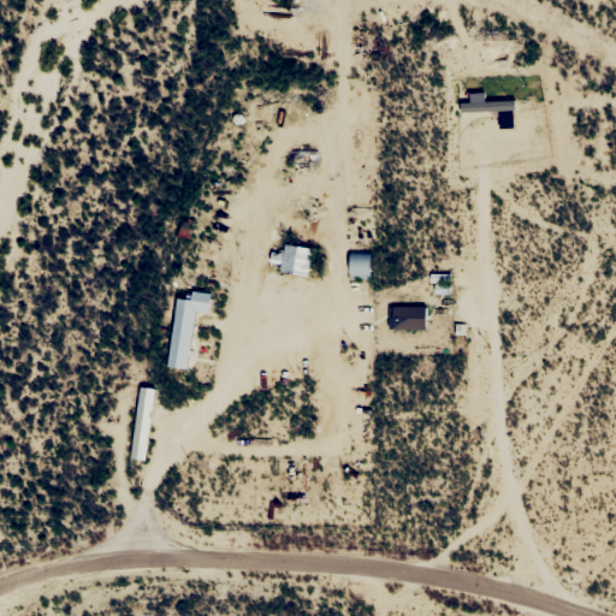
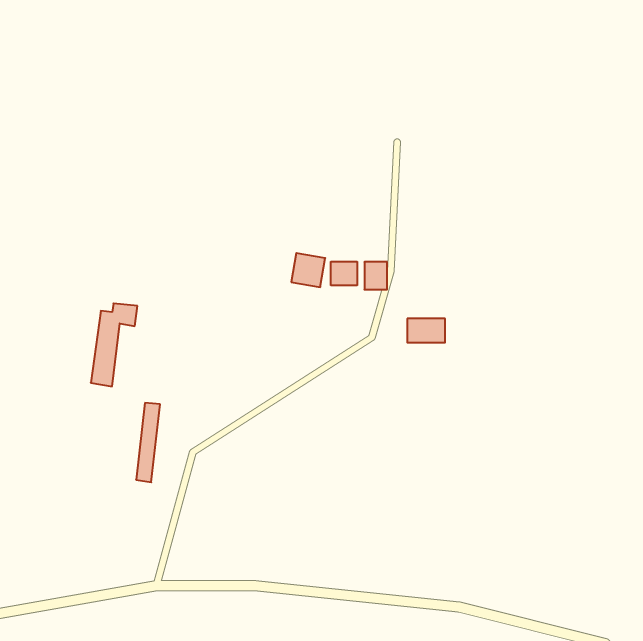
building: none -> [331,262,357,285]
building: [167,291,212,371] -> [91,303,137,386]

